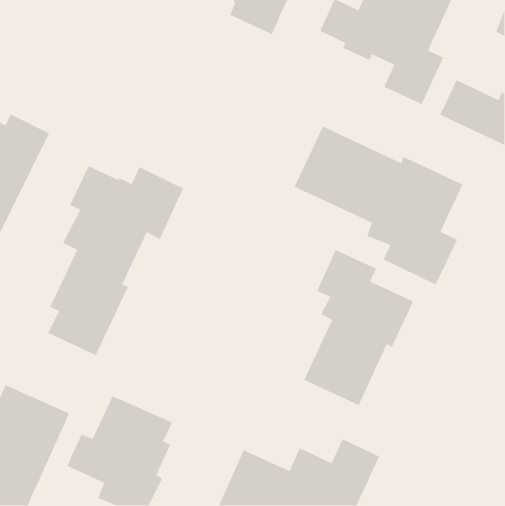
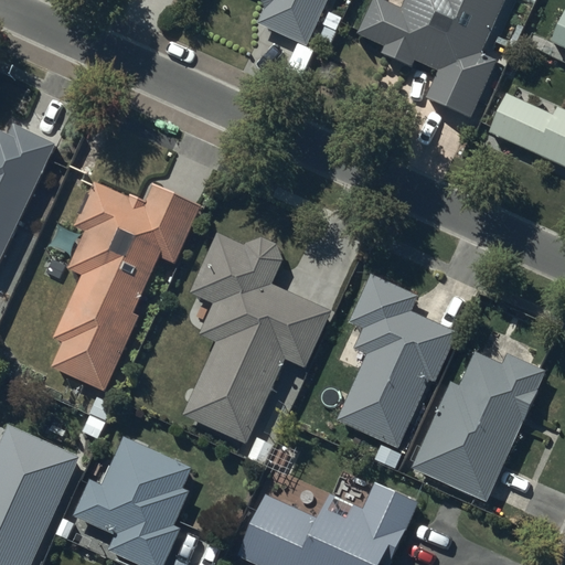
building: [294,125,464,285] -> none
building: none -> [181,232,331,444]
building: none -> [417,353,548,501]

